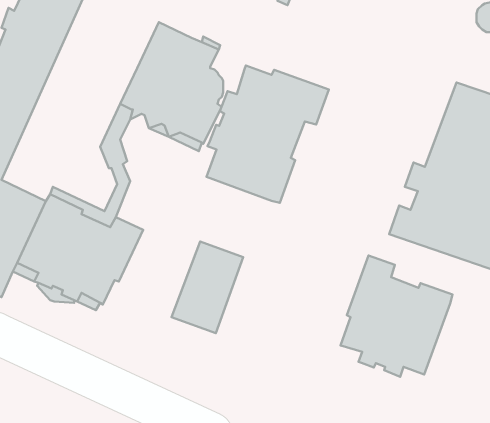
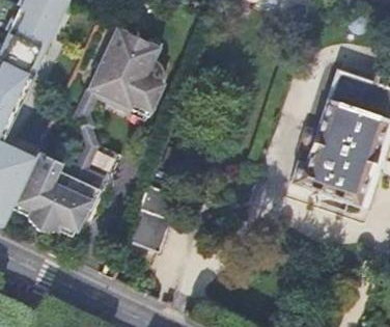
building: [207,66,329,203] -> none
building: [340,255,453,377] -> none

